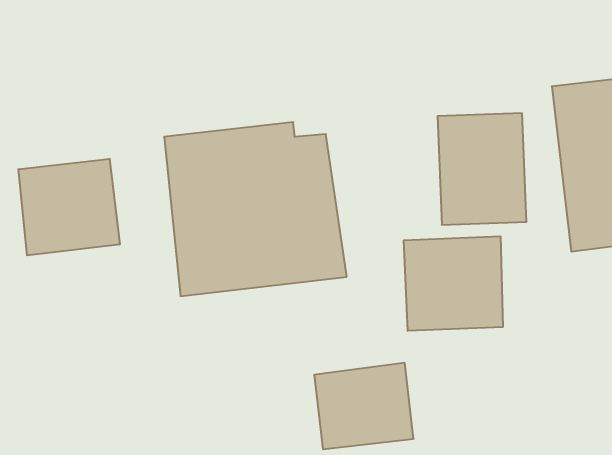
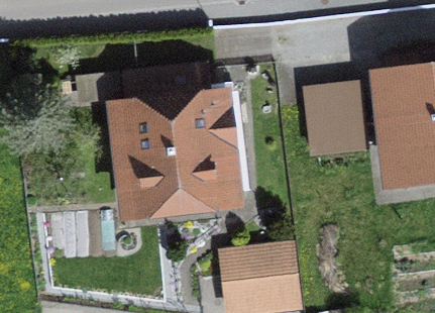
building: [19,159,120,255] -> none
building: [404,236,503,331] -> none

